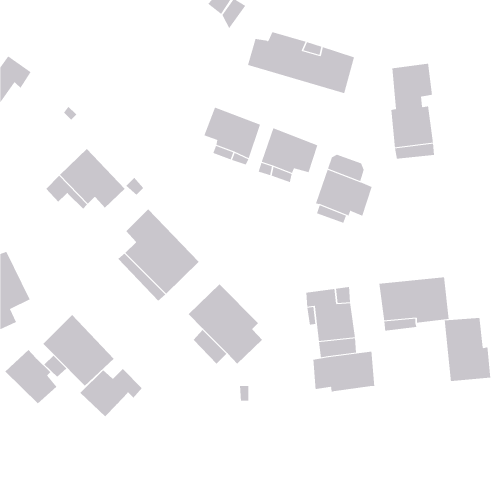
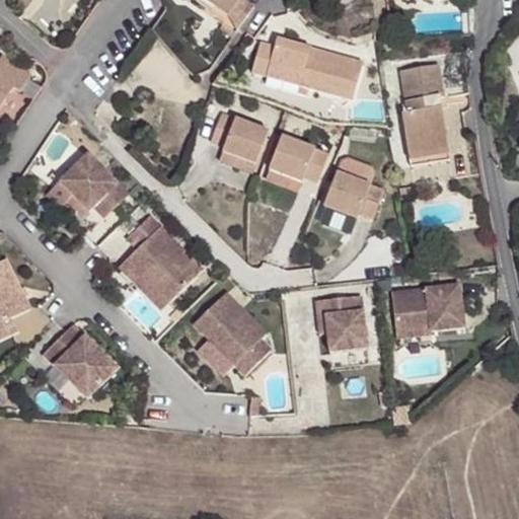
building: [444,317,491,382] -> none
building: [4,349,57,404] -> none
building: [313,351,375,393] -> none
building: [80,368,143,417] -> none

